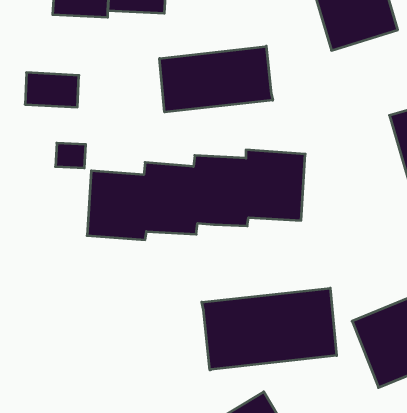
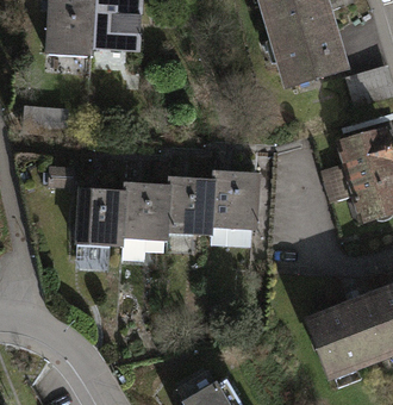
building: [160,46,273,112] -> none
building: [202,288,337,370] -> none

